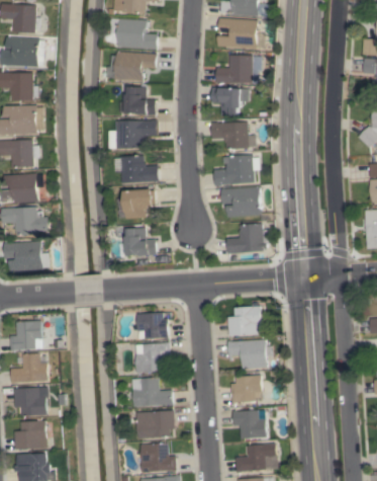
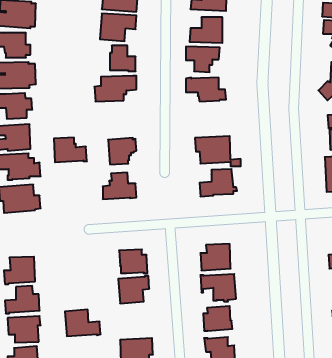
building: [121,156,158,183] -> [54,138,87,162]
building: [213,156,253,186] -> none
building: [133,378,173,407] -> [65,310,101,336]

